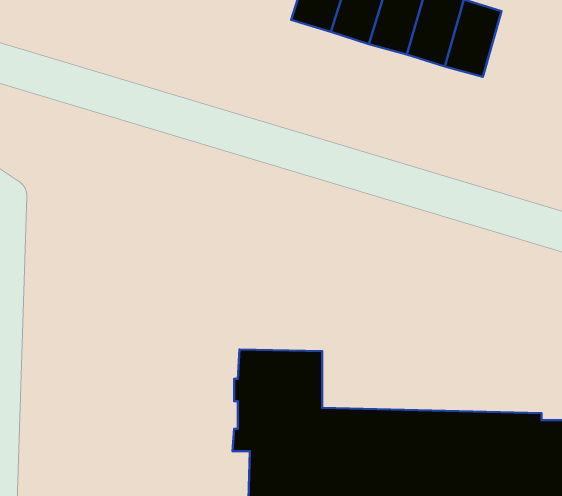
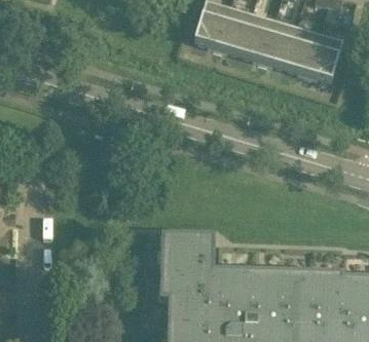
building: none -> [307,36,342,82]

